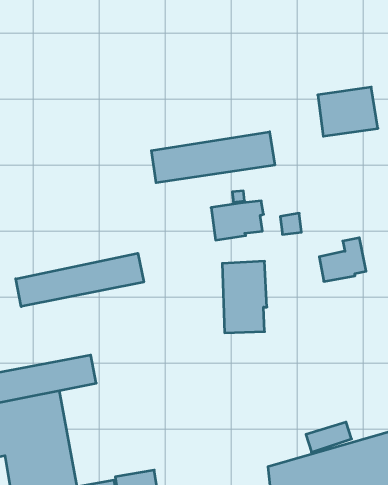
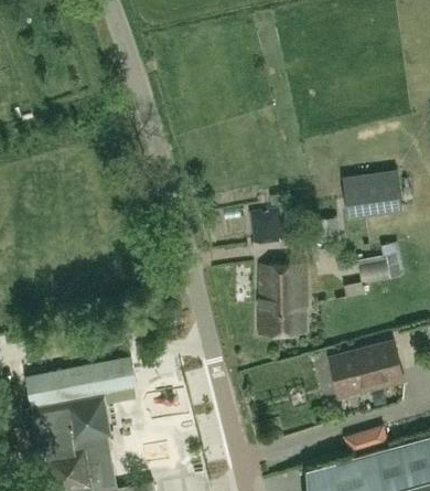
building: [318,87,378,136] -> [343,170,402,218]
building: [151,132,275,183] -> none
building: [16,253,144,307] -> none
building: none -> [331,341,406,401]

